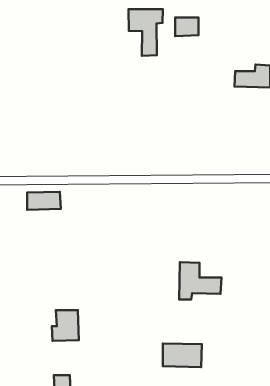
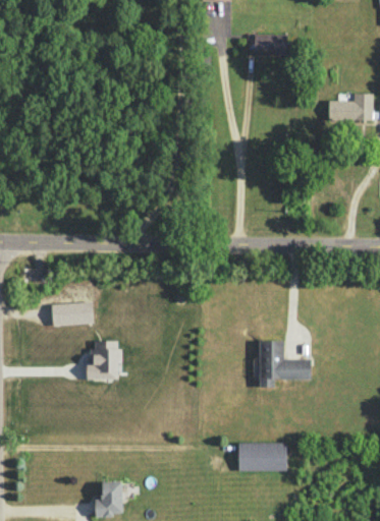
building: [128,9,163,56] -> none
building: [27,192,61,210] -> [52,303,94,326]
building: [52,310,79,341] -> [87,342,120,381]

